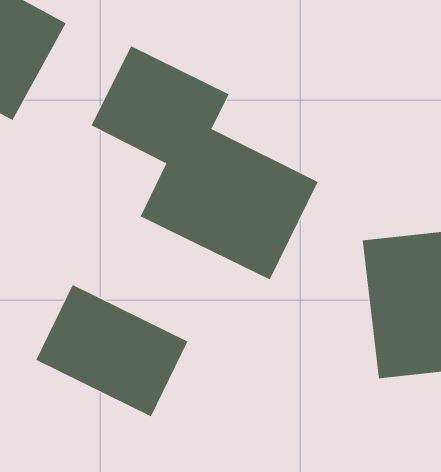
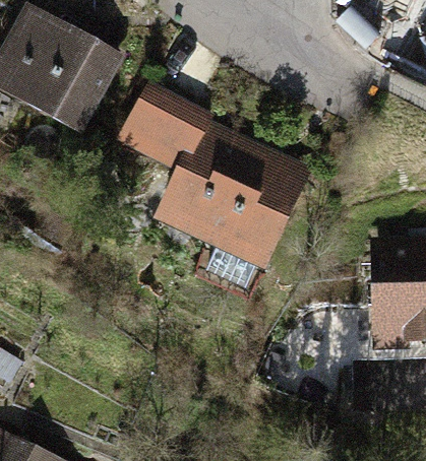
building: [36,284,188,417] -> none

